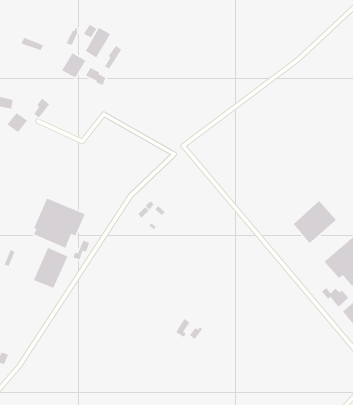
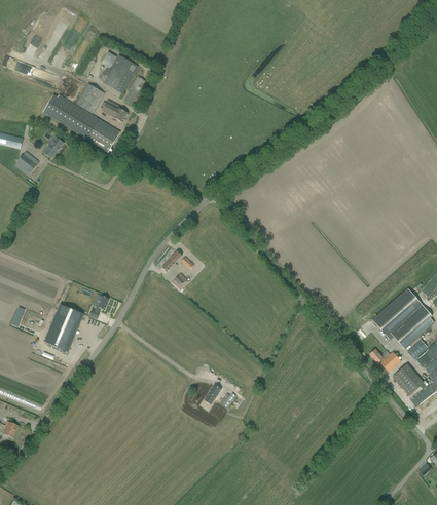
building: none -> [46,96,120,152]
building: [33,197,86,249] -> none
building: [293,200,337,244] -> none

